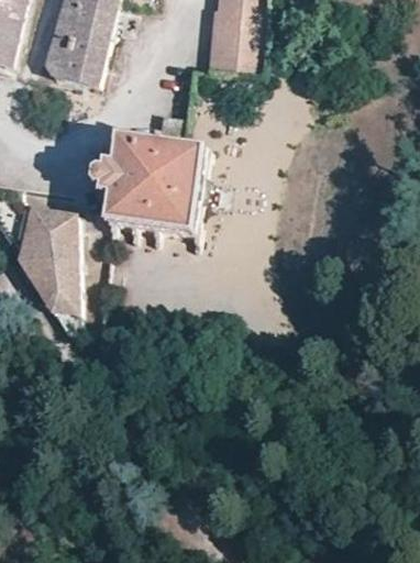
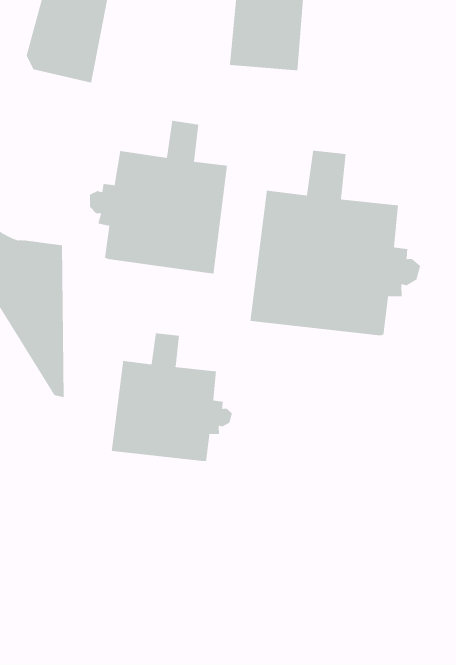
building: none -> [250,150,421,336]
building: none -> [111,333,232,462]

